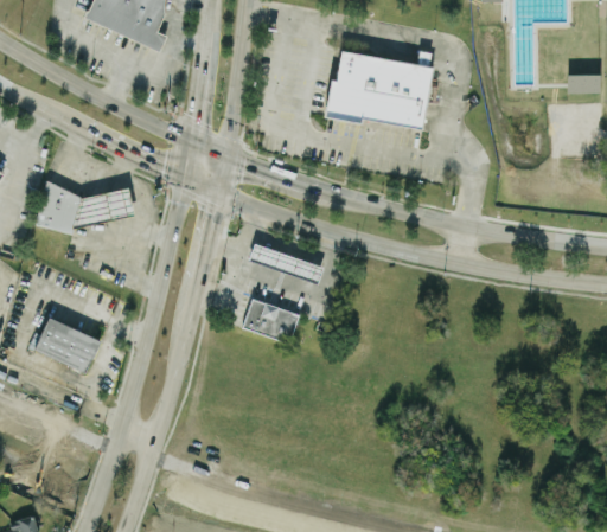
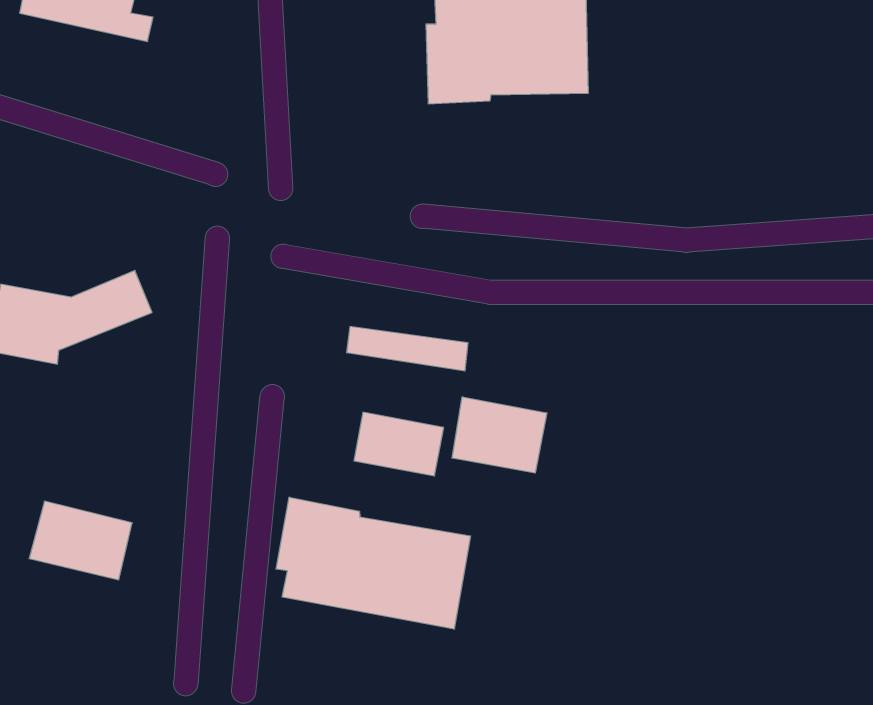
building: none -> [452,397,547,473]
building: none -> [276,497,471,629]

